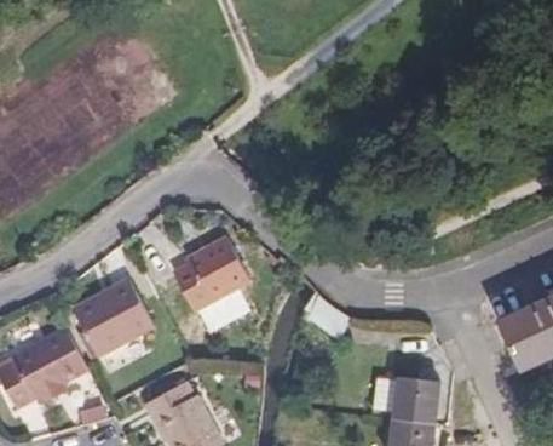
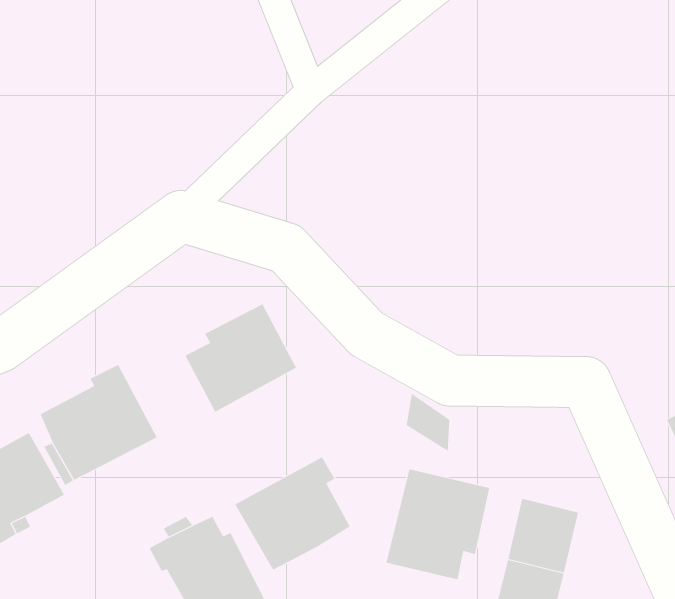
building: none -> [234,457,351,570]
building: none -> [386,469,490,580]

